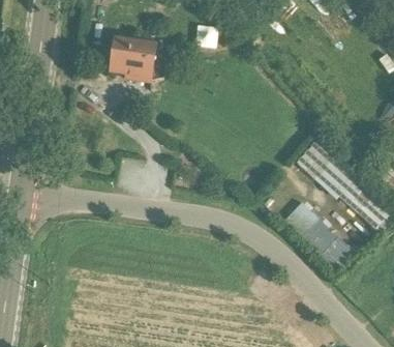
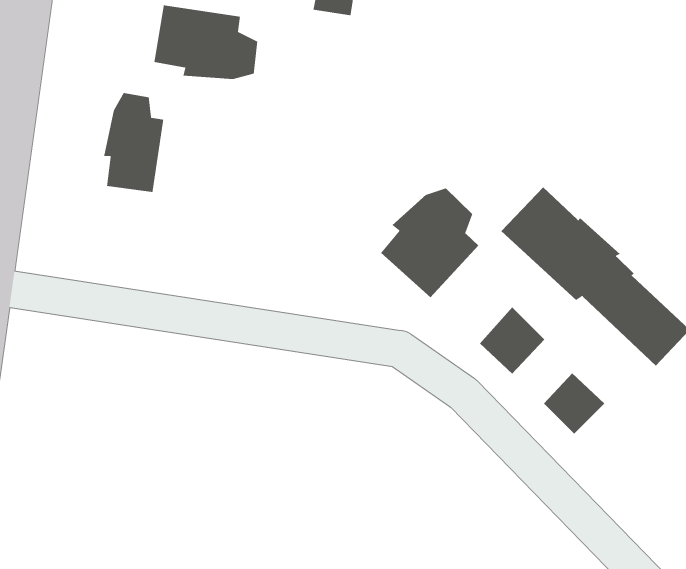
building: none -> [103,92,164,193]
building: none -> [380,188,479,298]

